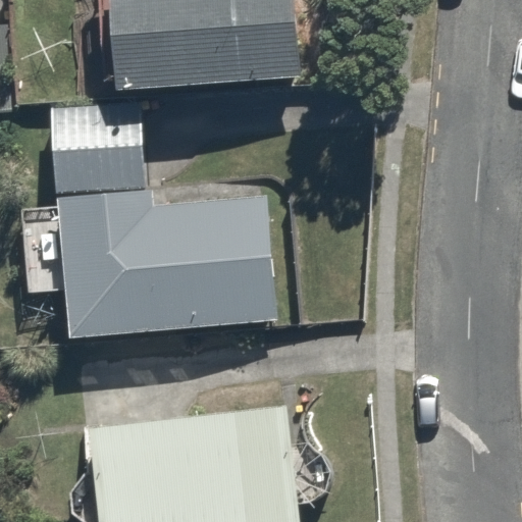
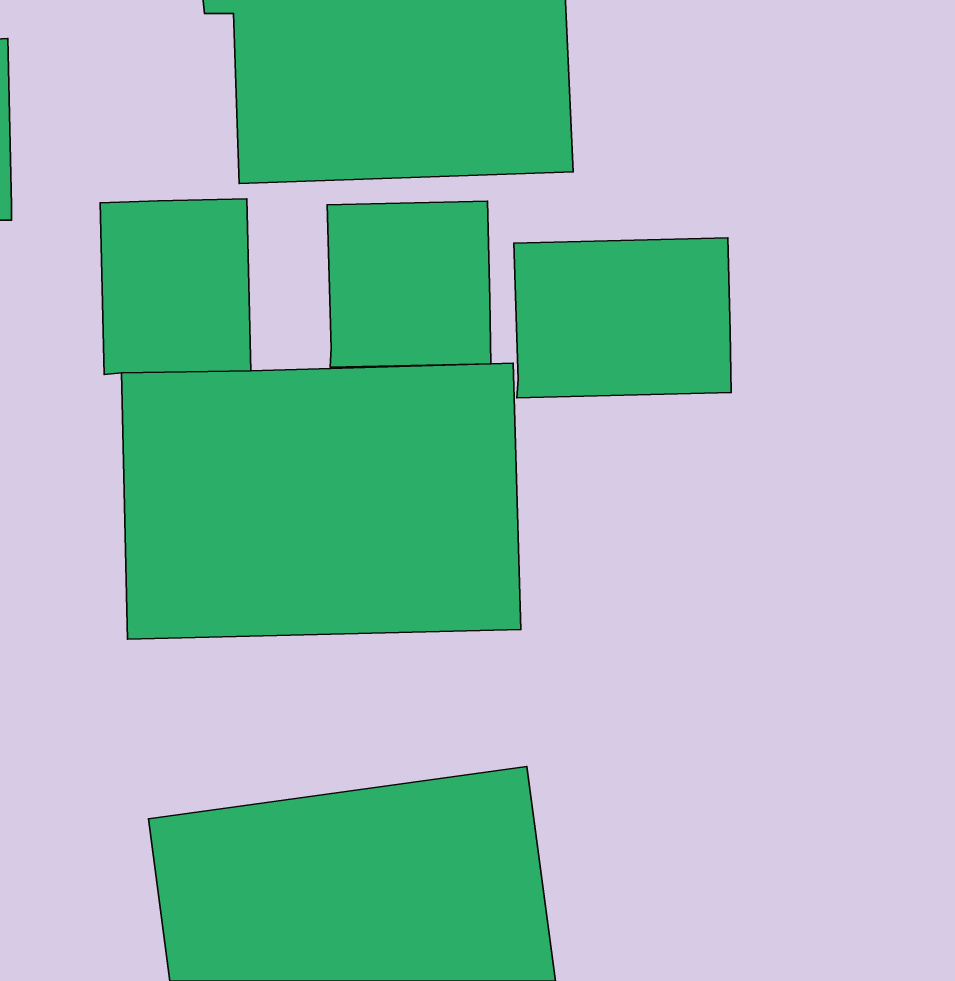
building: none -> [327,201,491,367]
building: none -> [514,238,731,398]

